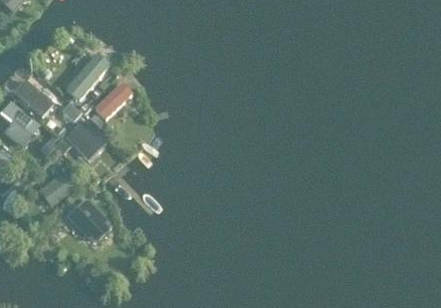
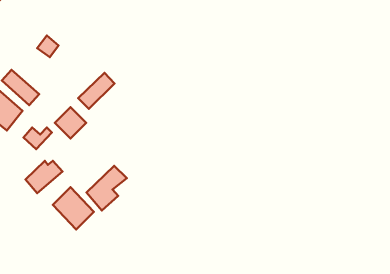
building: [65,53,108,100] -> none
building: none -> [87,166,127,210]

